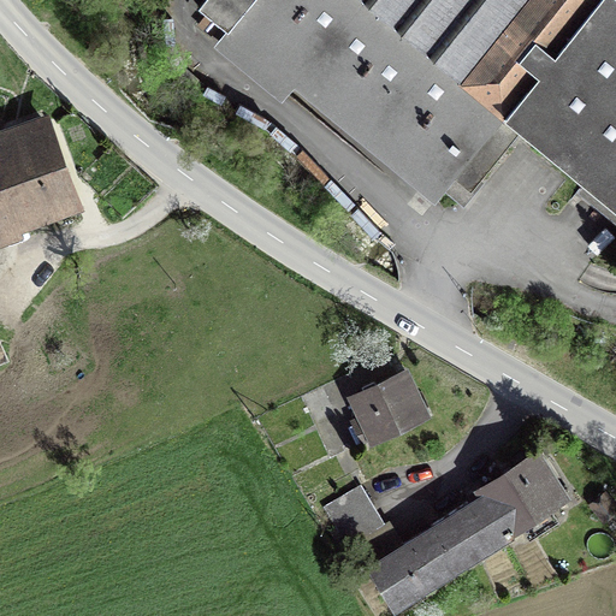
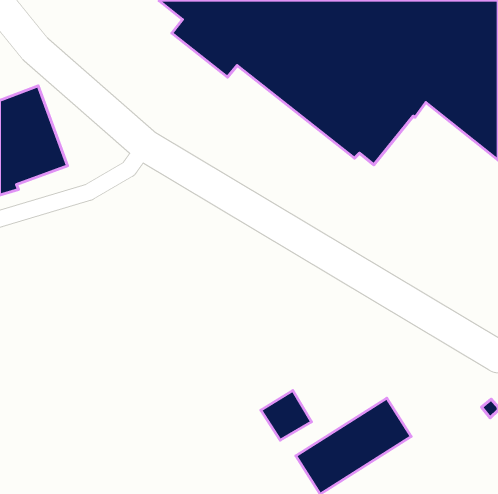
building: [351,375,425,445] -> none
building: [472,449,570,544] -> none

